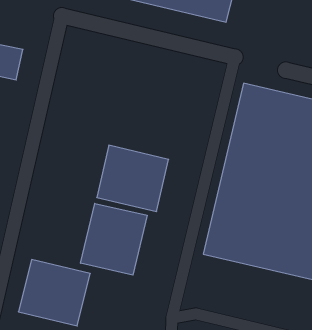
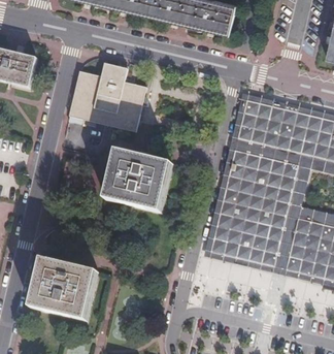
building: none -> [66,61,145,131]
building: [81,203,147,275] -> none

